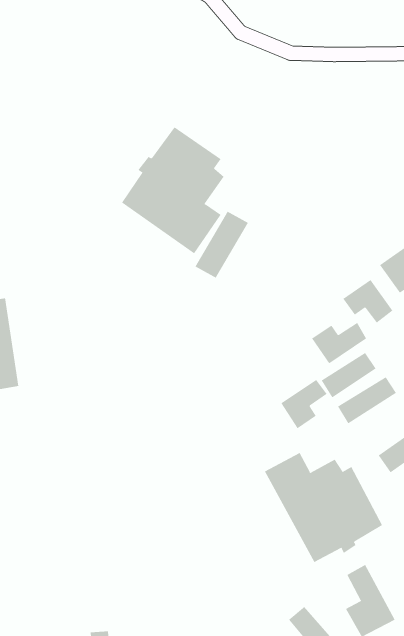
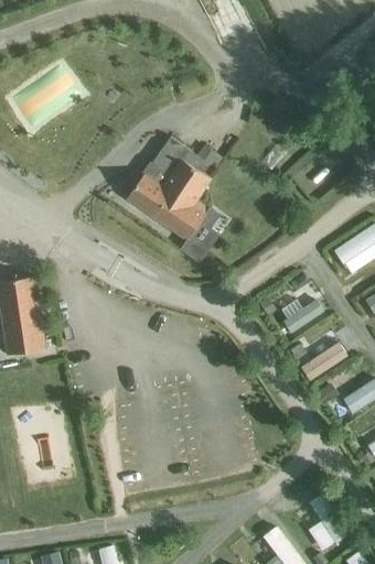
building: [343,279,393,324] -> none
building: [280,379,328,429] -> none
building: [264,452,383,563] -> none

